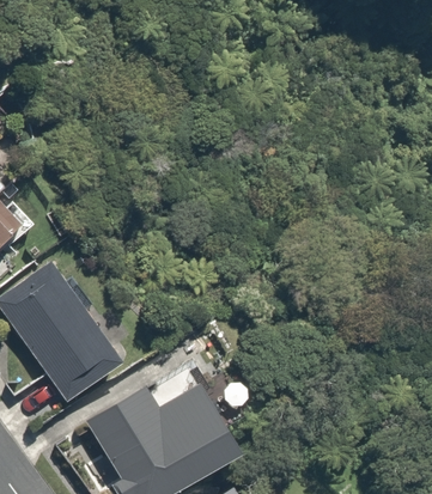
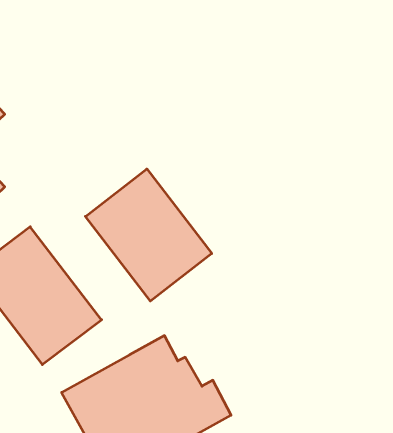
building: none -> [85,169,212,301]

